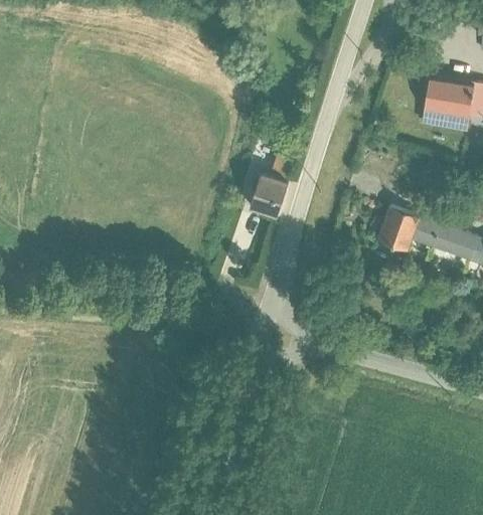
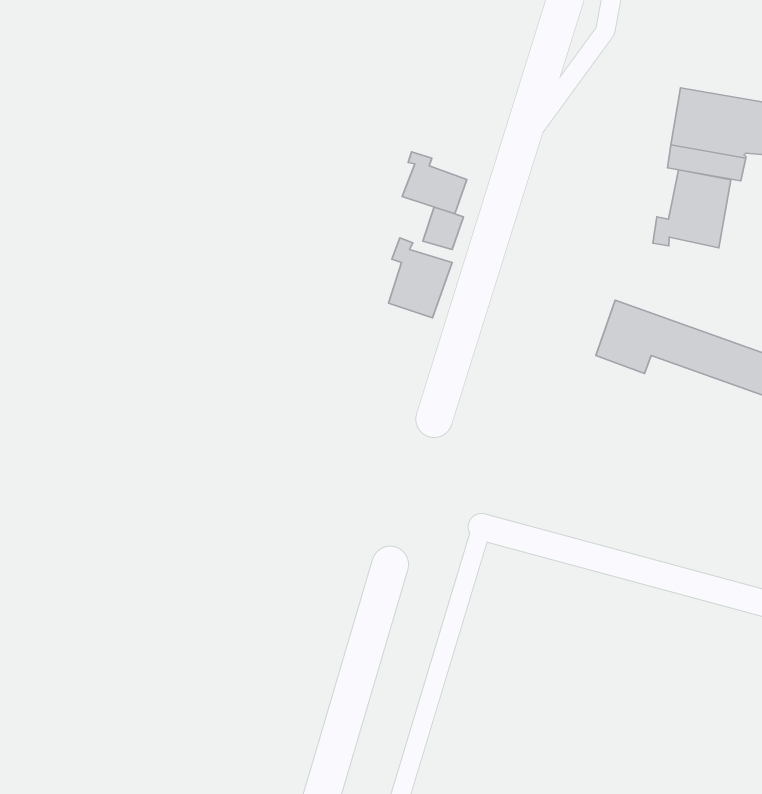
building: none -> [402,152,467,214]
building: none -> [653,170,731,248]

